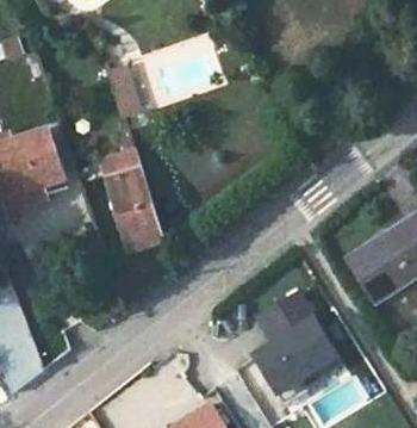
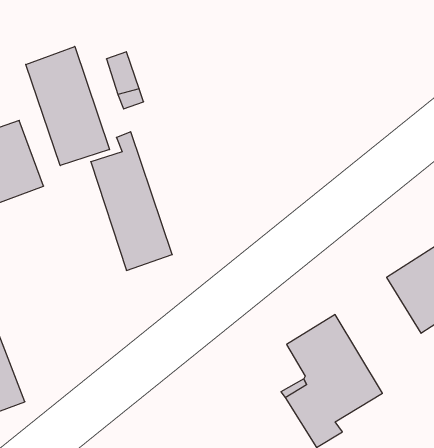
building: none -> [26,46,109,166]

